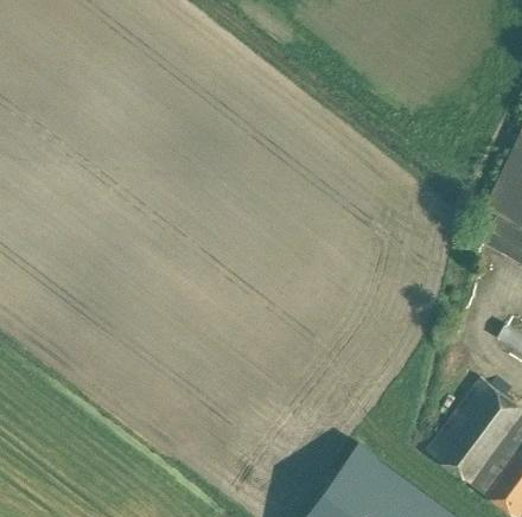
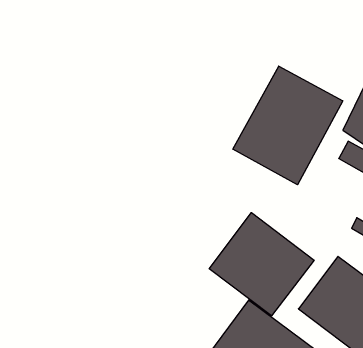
building: none -> [233,66,343,185]
building: none -> [209,213,314,316]

